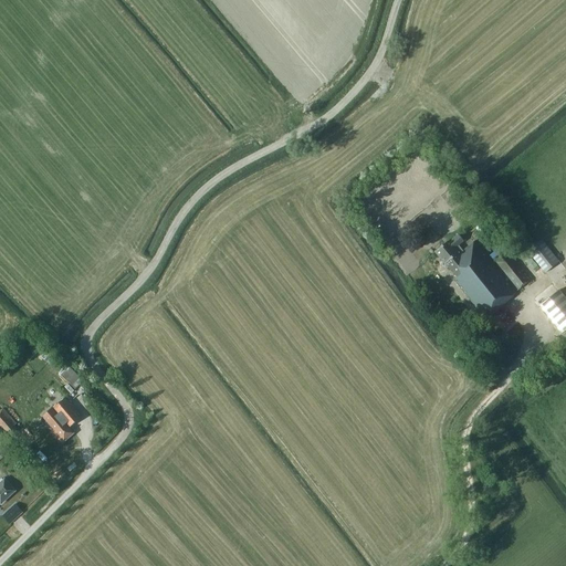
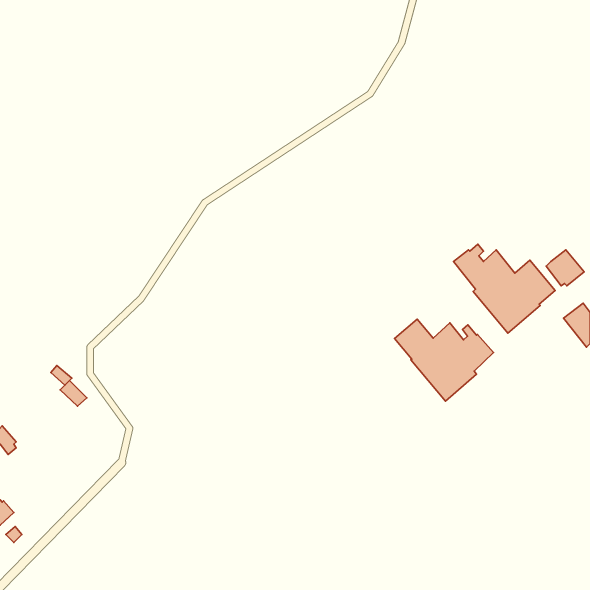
building: none -> [394,319,494,401]
building: [42,397,81,442] -> none

